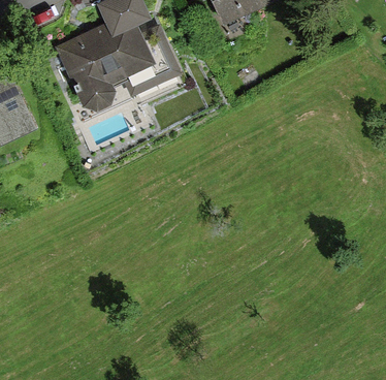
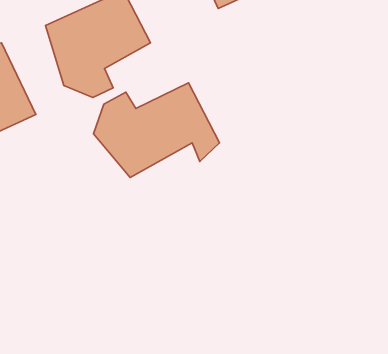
building: none -> [93,83,220,177]

